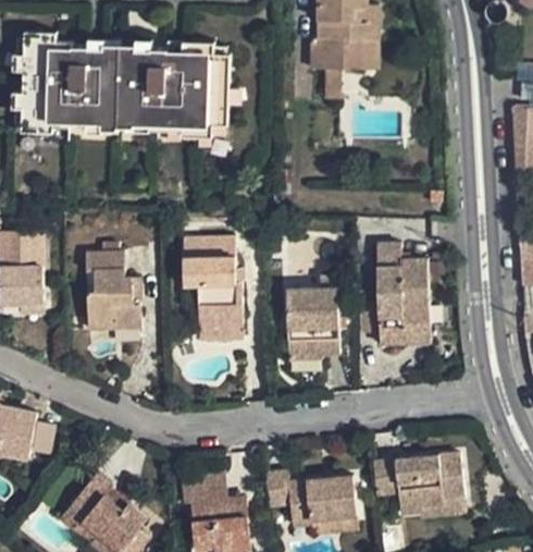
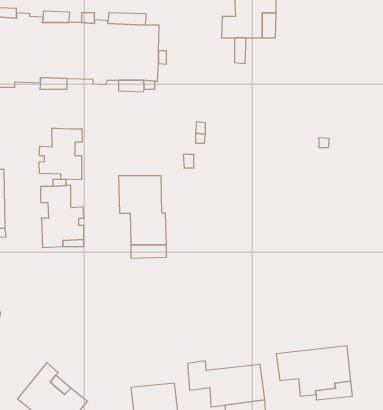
building: none -> [39,128,82,180]
building: [373,247,427,346] -> none
building: [284,275,336,359] -> none
building: [186,477,231,503] -> none

